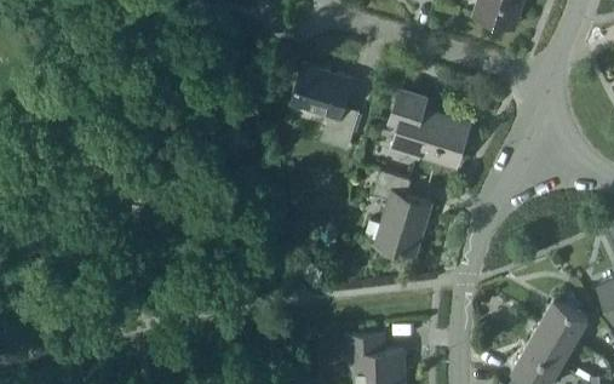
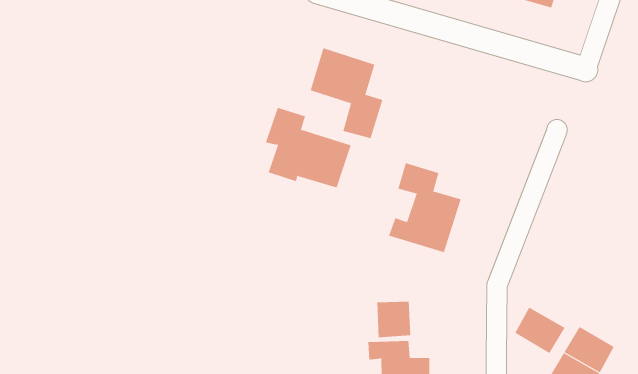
building: [389,88,469,164] -> [265,107,352,188]
building: [540,297,587,340] -> [514,307,565,354]
building: none -> [377,301,411,338]

